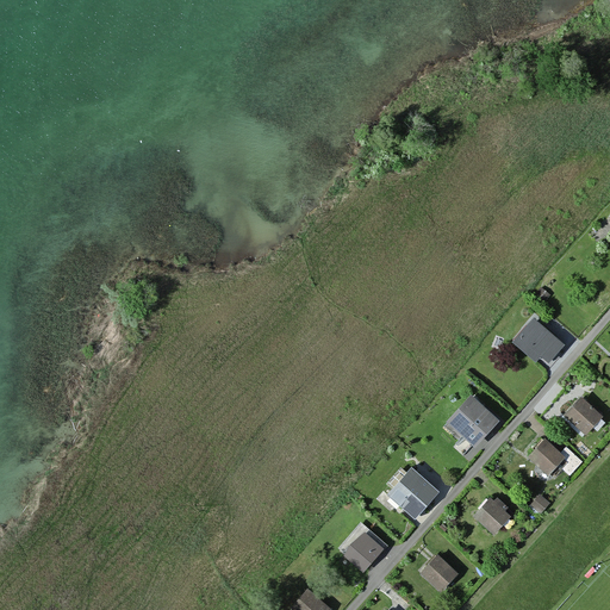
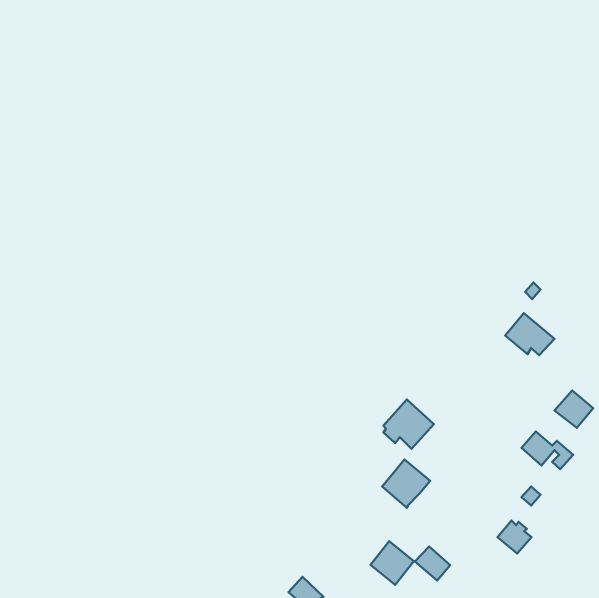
building: [448,392,499,442] -> [383,400,434,449]
building: [475,499,510,533] -> [497,521,531,553]
building: [342,523,386,567] -> [370,541,414,585]

